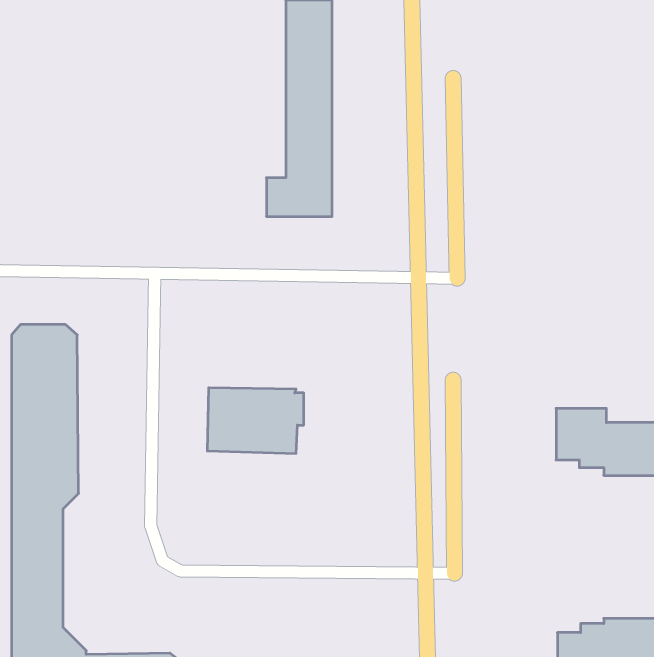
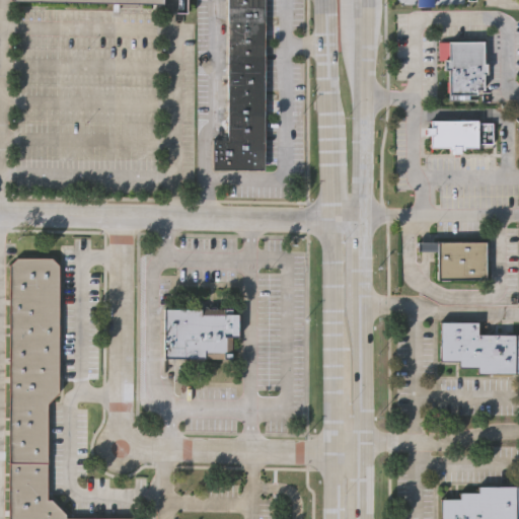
building: none -> [444,42,484,100]
building: none -> [431,123,493,155]
building: none -> [420,241,490,281]

